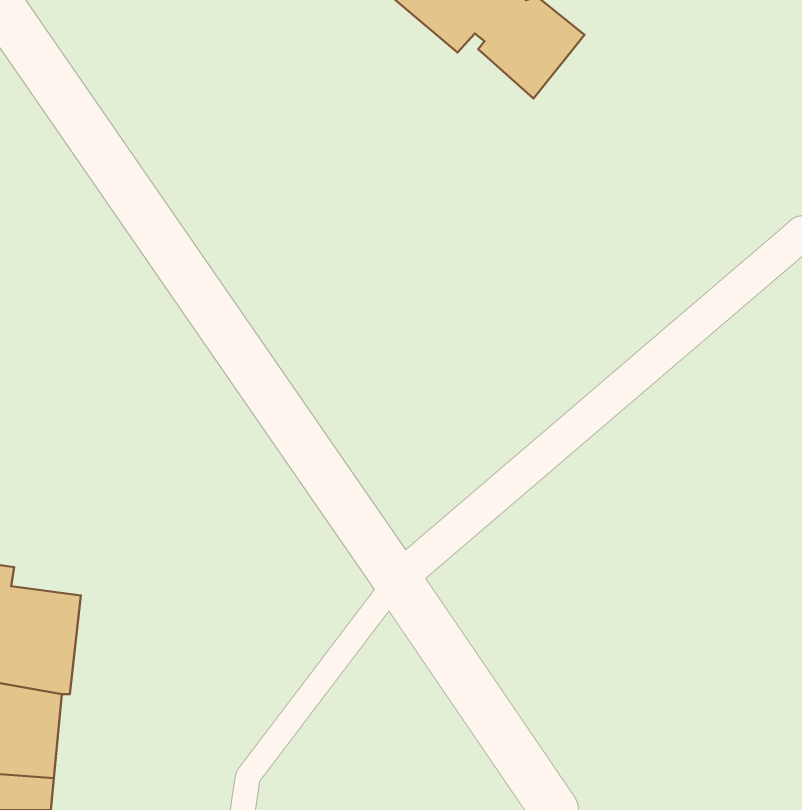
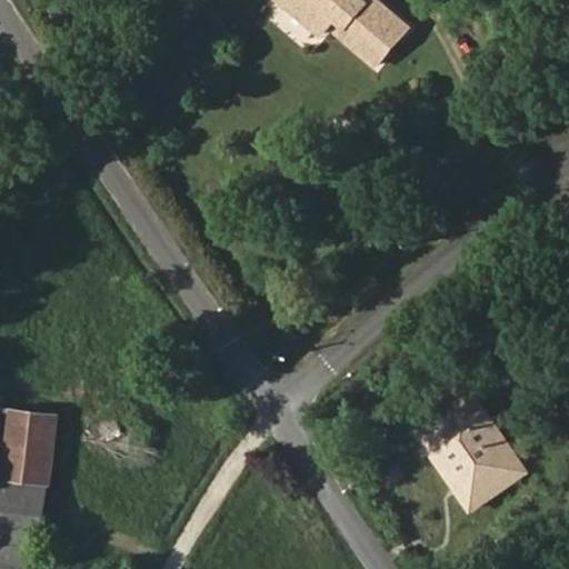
building: none -> [411,392,522,510]

